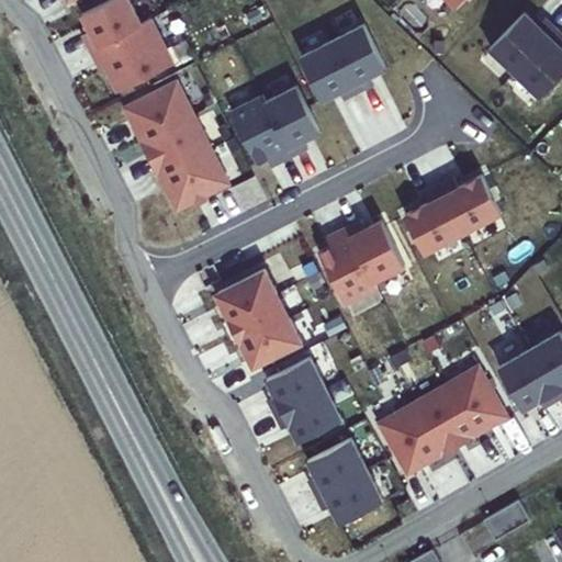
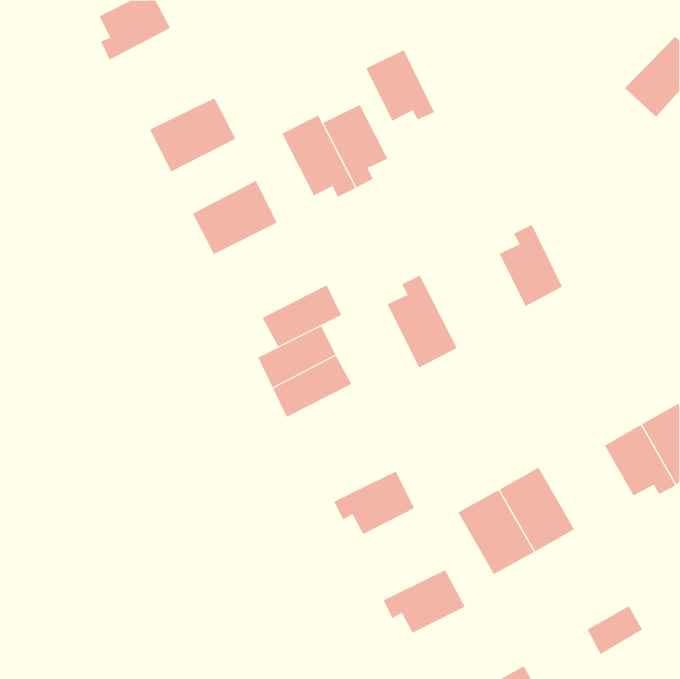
building: [488,13,555,75] -> none
building: [90,21,173,93] -> none
building: [333,26,385,94] -> none
building: [140,116,211,178] -> none
building: [438,179,495,238] -> none
building: [346,221,404,282] -> none
building: [236,318,302,370] -> [262,285,342,347]
building: [267,358,326,415] -> none
building: [443,367,507,438] -> none
building: [307,439,367,496] -> none

